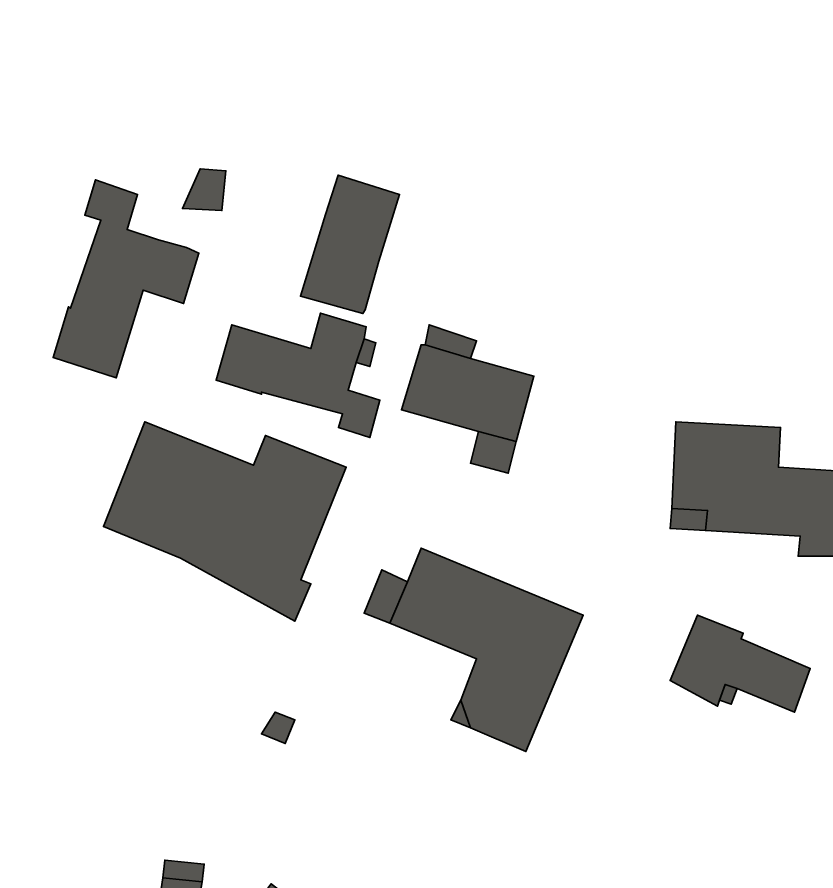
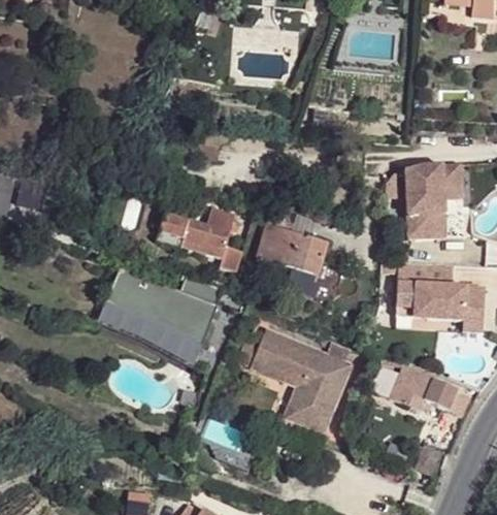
building: [301,175,399,314] -> none
building: [53,180,199,378] -> none
building: none -> [406,164,462,238]

